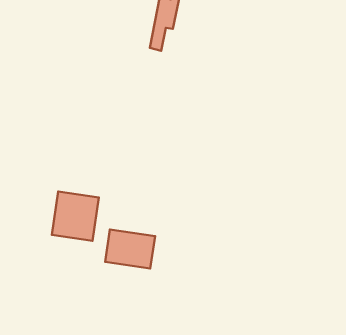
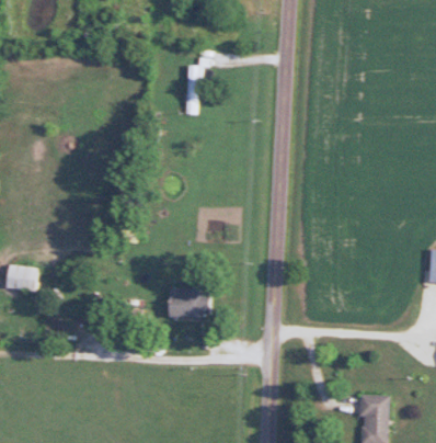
building: [52,191,99,241] -> none

